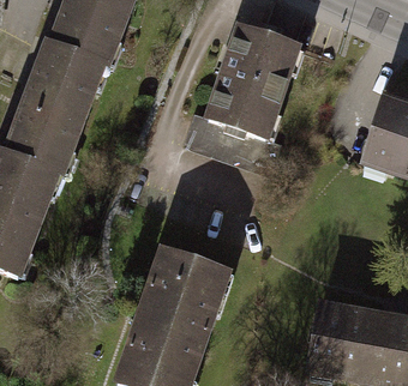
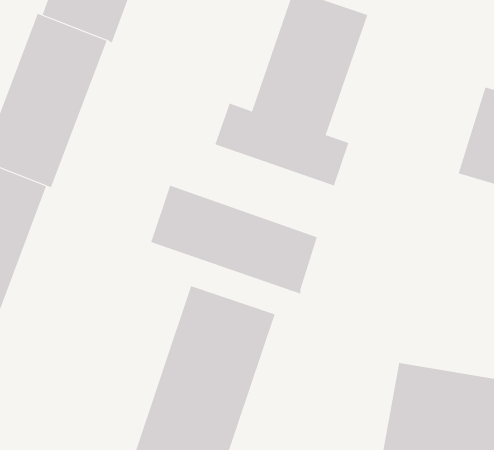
building: none -> [151,185,318,294]

